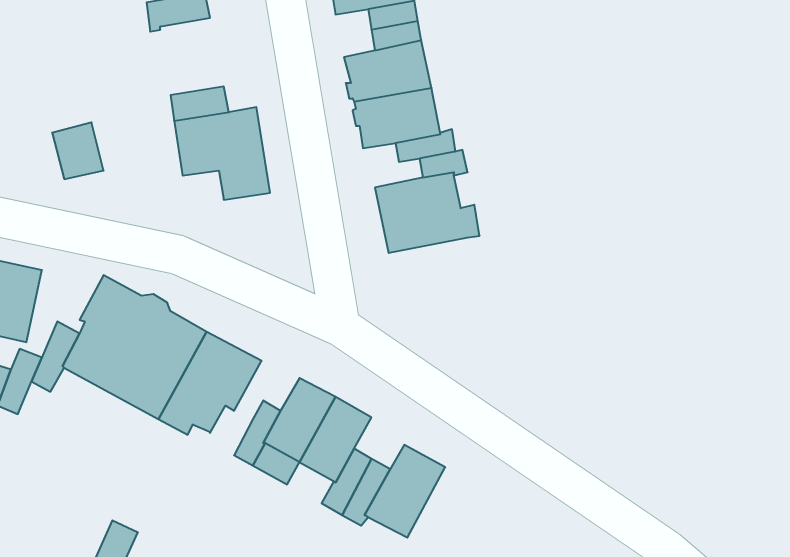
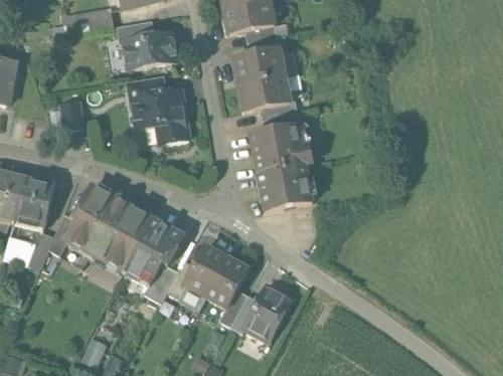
building: none -> [124,31,175,67]
building: none -> [258,163,312,210]
building: none -> [144,261,178,302]

